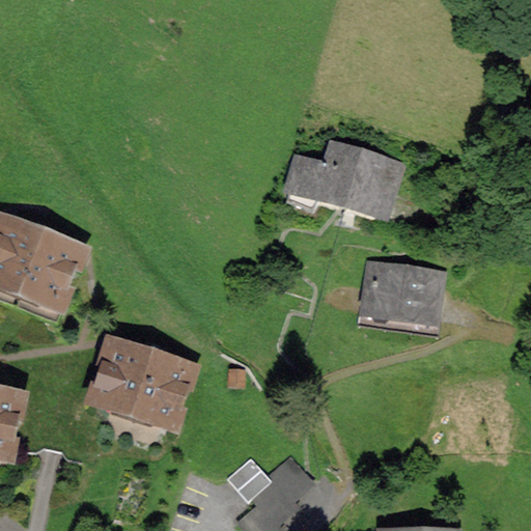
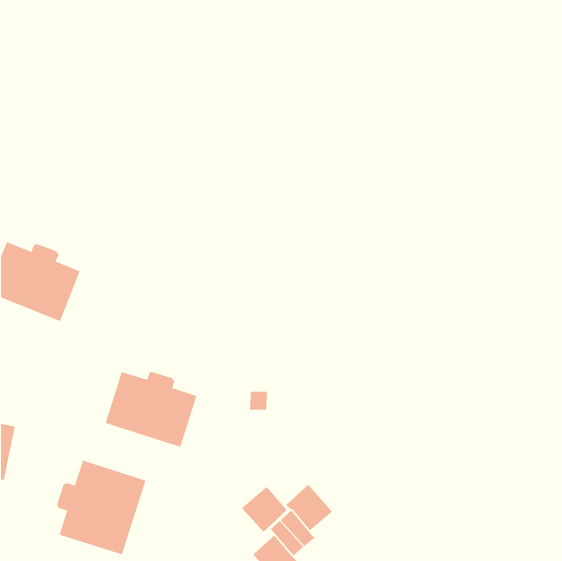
building: [292,149,395,212] -> none
building: [369,269,439,319] -> none
building: none -> [57,460,146,555]

